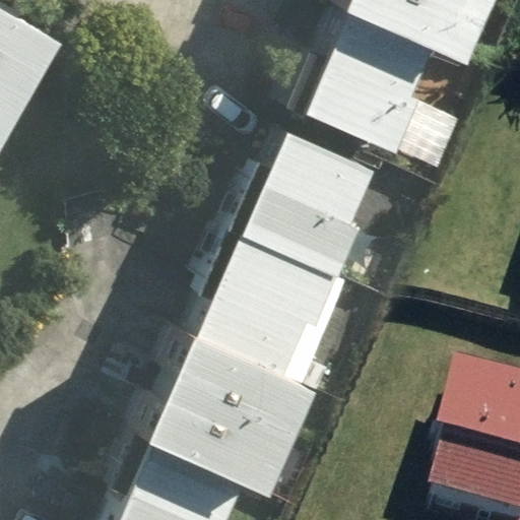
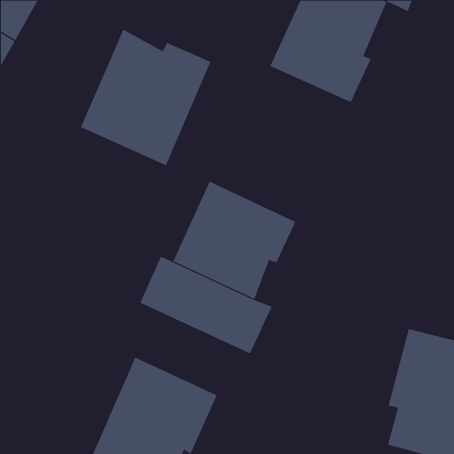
building: none -> [80,29,211,166]
building: [248,114,383,262] -> none
building: [146,351,294,460] -> none

